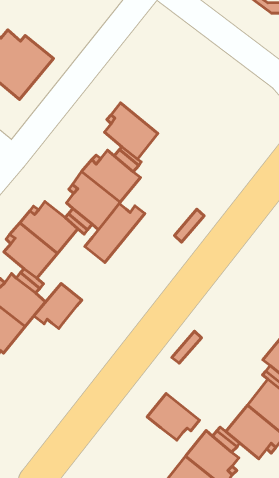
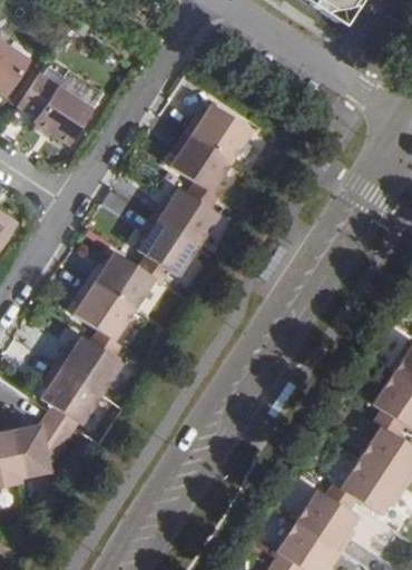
building: none -> [184,104,251,164]
building: [85,204,145,263] -> none
building: [34,283,82,329] -> none
building: [147,393,200,440] -> none

